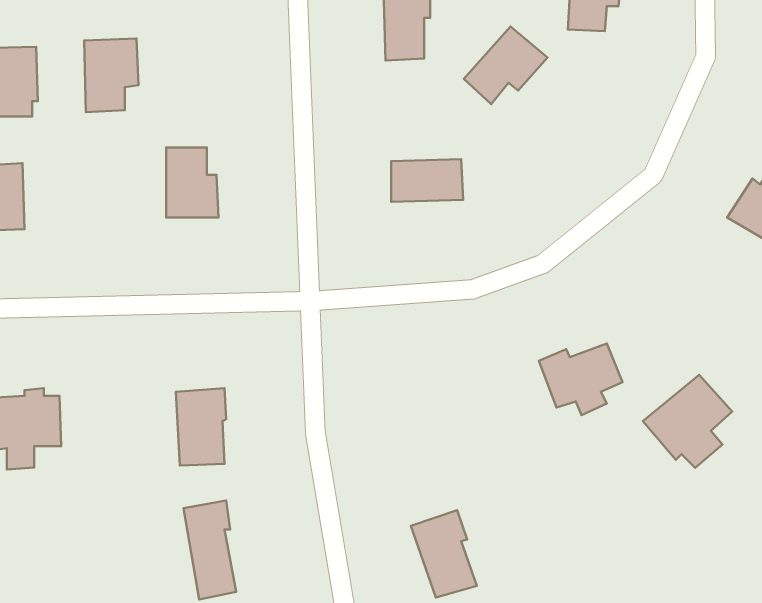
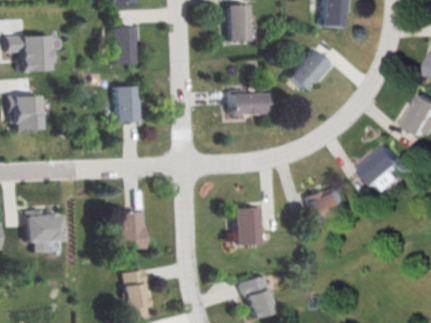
building: [464,27,547,104] -> [289,49,332,89]
building: [84,39,138,112] -> [112,26,140,64]
building: [643,375,732,468] -> [362,142,408,190]
building: none -> [234,206,263,245]

